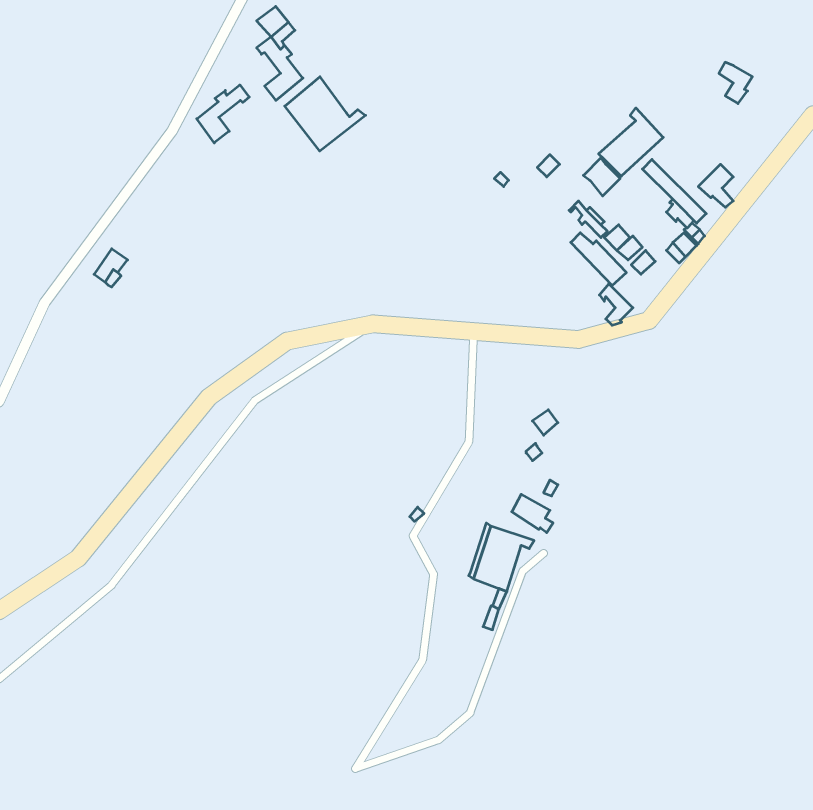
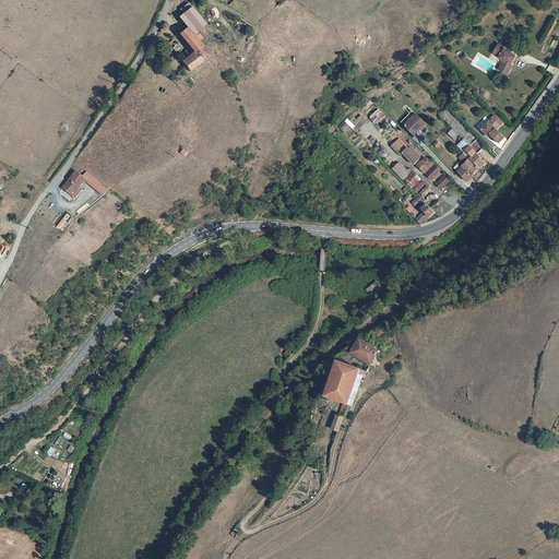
building: [285,77,366,151] -> none
building: [197,85,249,143] -> none
building: [599,108,663,176] -> none

